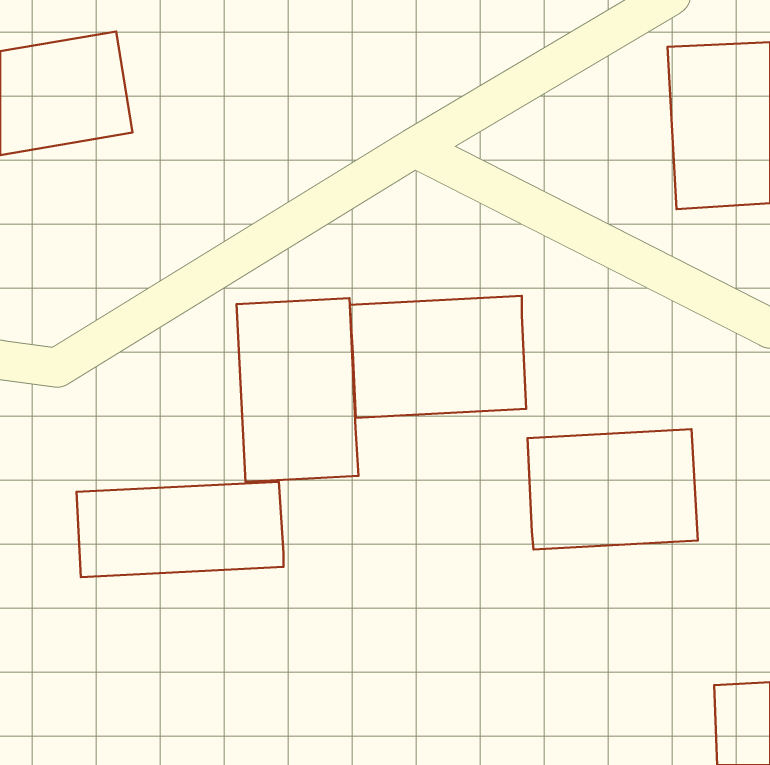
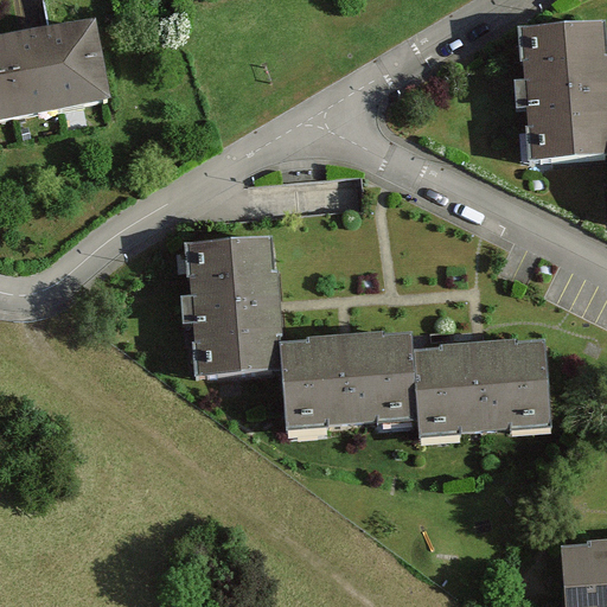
building: [350,296,526,418] -> [280,330,418,426]
building: [76,482,283,577] -> none

